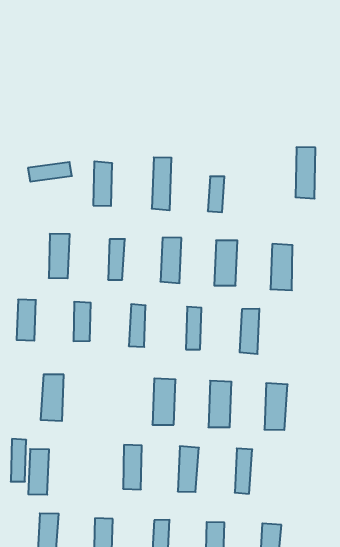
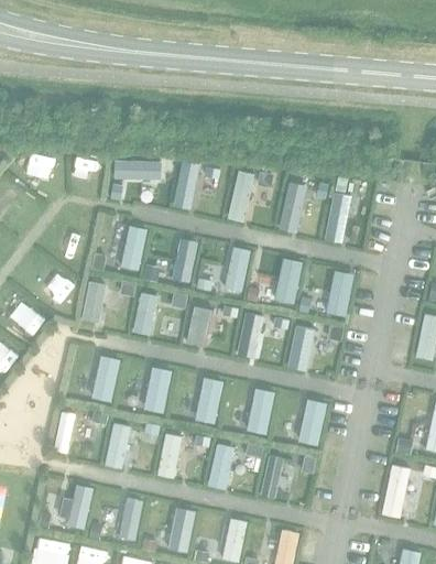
building: [295,147,315,199] -> [324,193,350,243]
building: none -> [142,367,171,413]
building: [28,449,49,495] -> [103,423,130,468]

